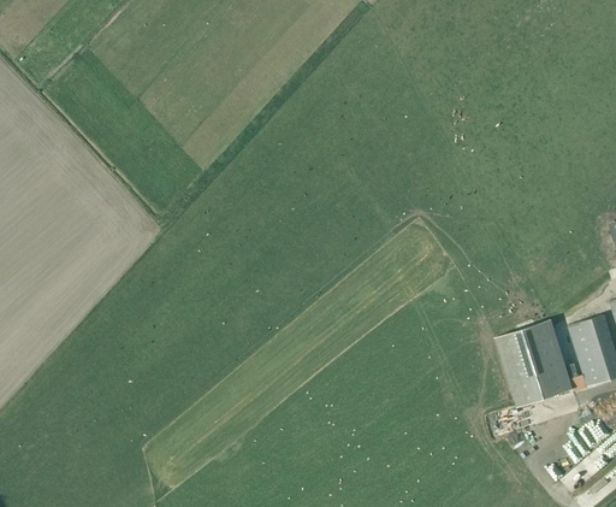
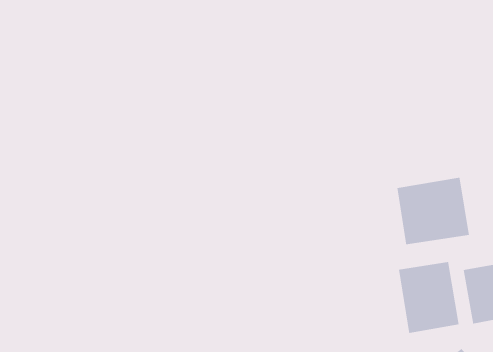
building: none -> [397,177,469,245]

